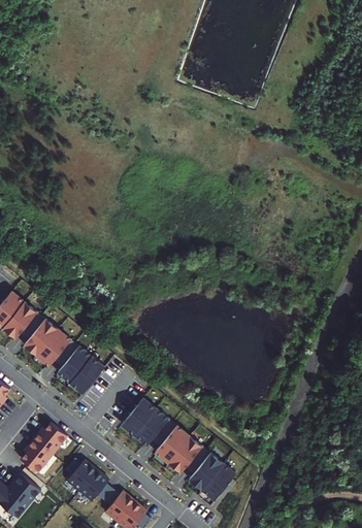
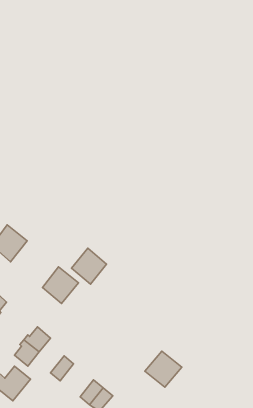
building: [24,320,70,367] -> none
building: none -> [72,248,107,284]
building: [122,400,169,447] -> none
building: [155,426,202,473] -> none
building: [78,470,108,502] -> none

